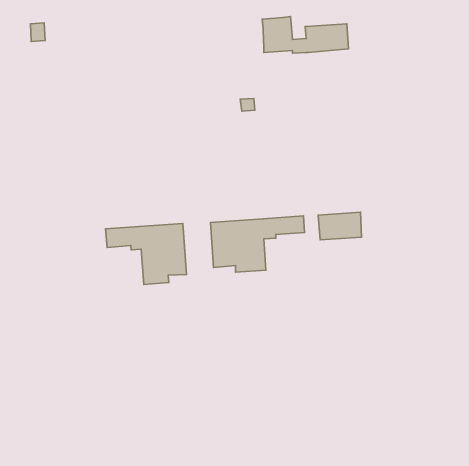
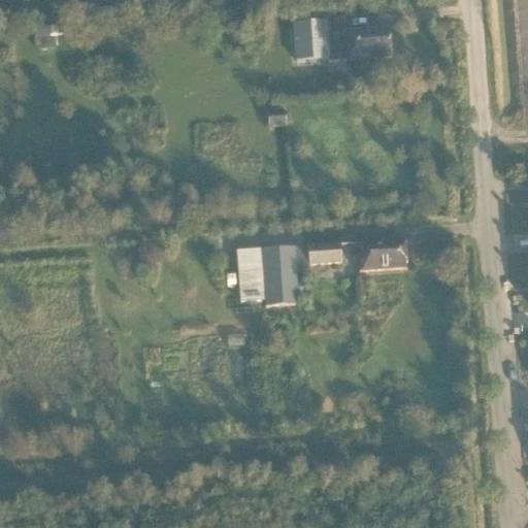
building: [106,224,186,284] -> none

